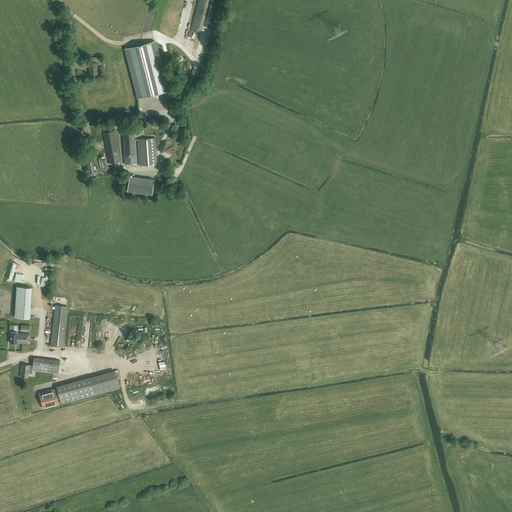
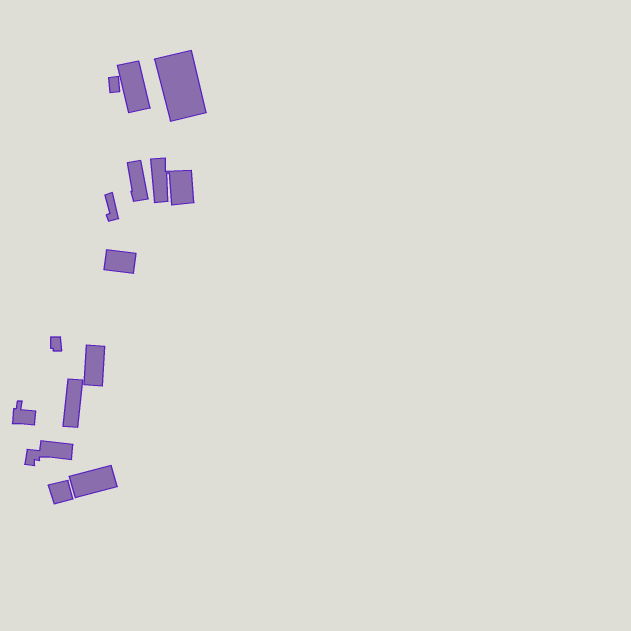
building: none -> [117,61,150,113]
building: [128,178,154,197] -> [104,250,136,273]
building: [15,287,32,320] -> [84,345,105,386]
building: [90,370,119,394] -> none

